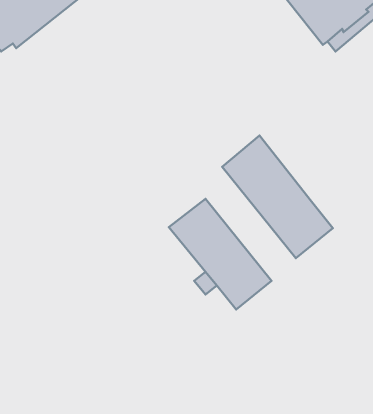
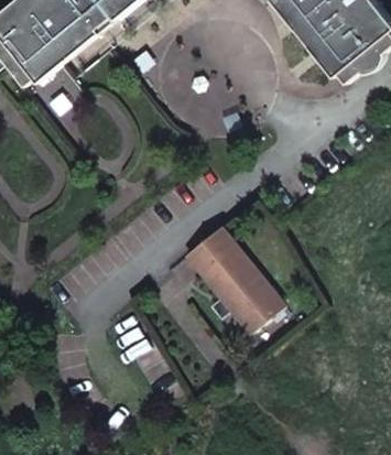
building: [222,136,333,258] -> none

